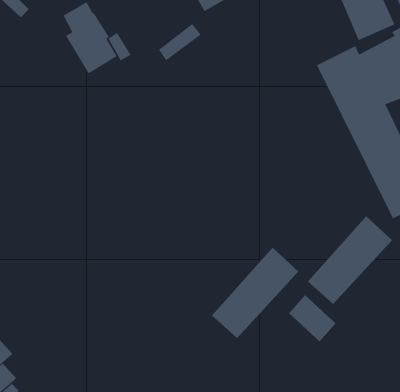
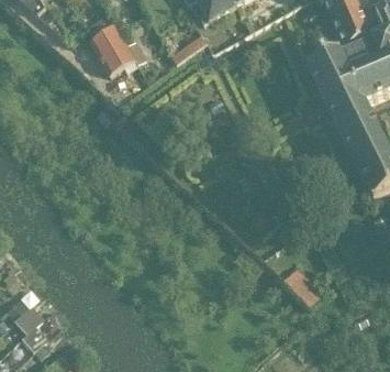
building: [307,215,393,305] -> none
building: [211,247,299,339] -> none

